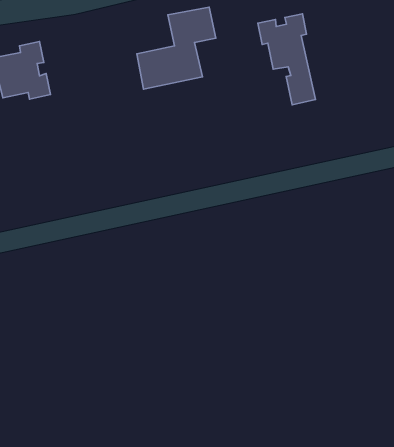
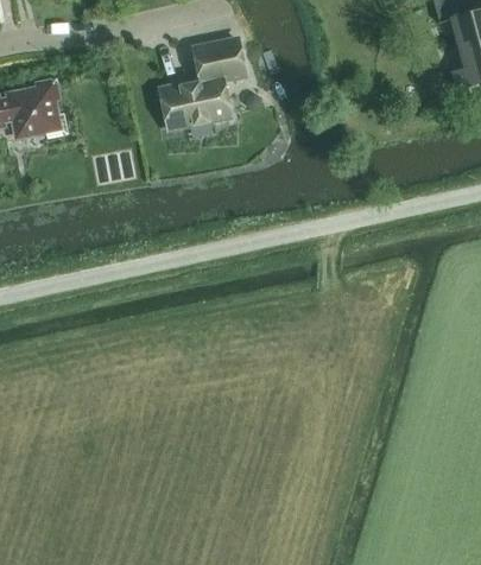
building: [258,14,315,105] -> none

